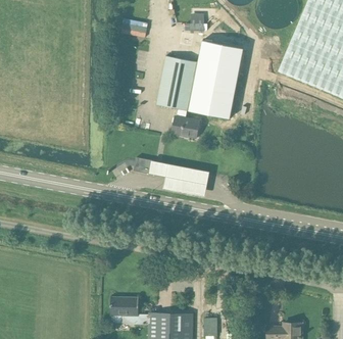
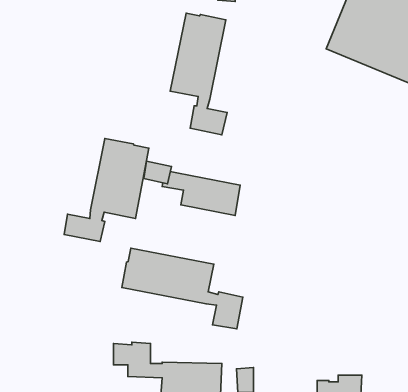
building: [187,40,244,119] -> none
building: none -> [64,138,149,241]
building: none -> [122,248,243,329]

